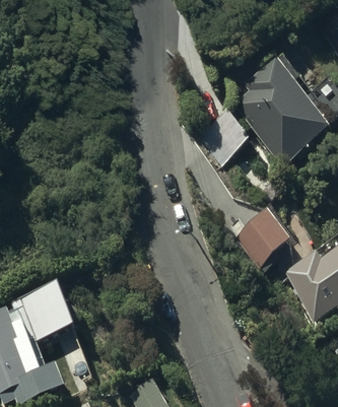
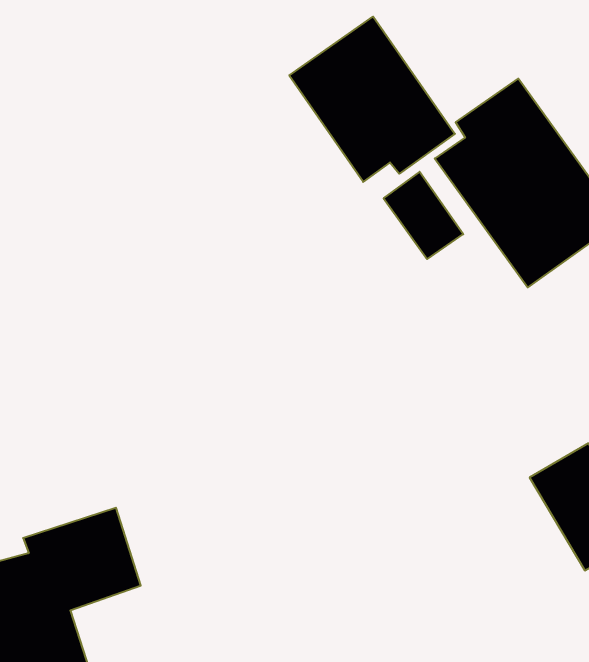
building: none -> [289,17,455,182]
building: [234,208,291,266] -> none

